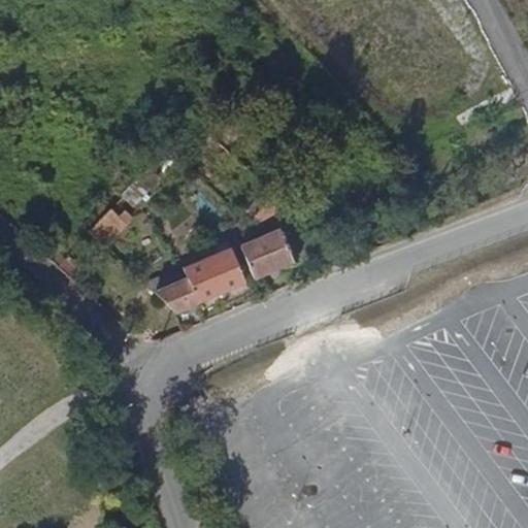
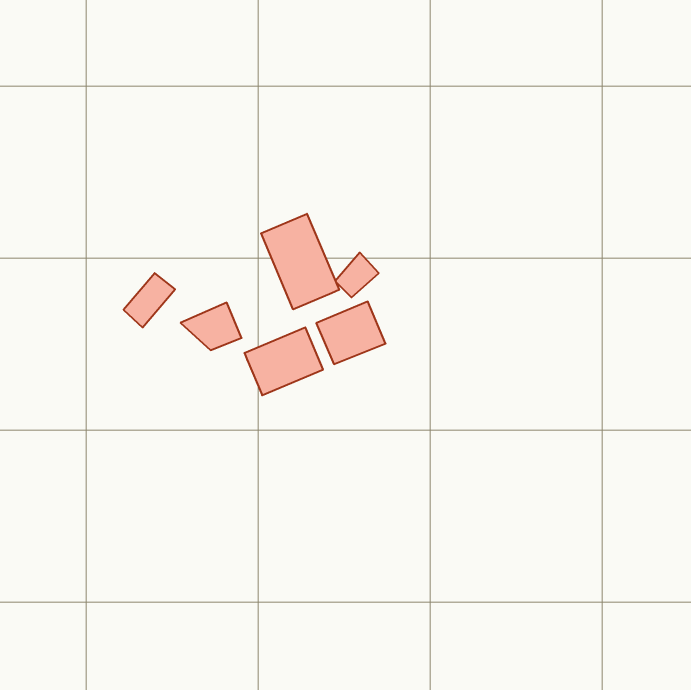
building: none -> [261,214,339,309]
building: [153,273,199,309] -> [181,303,242,350]

